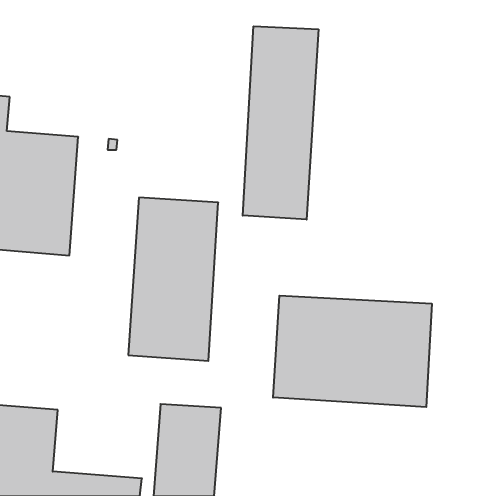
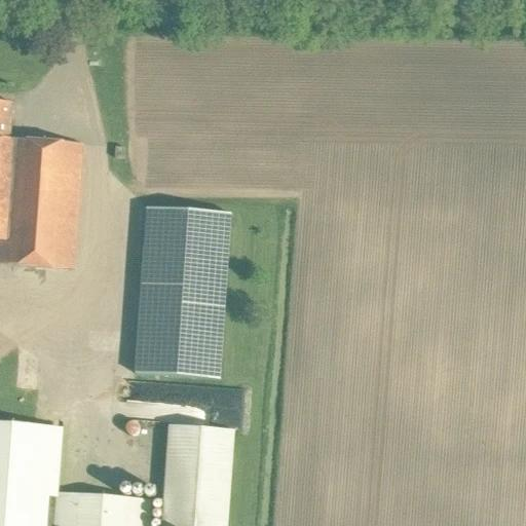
building: [243,26,318,220] -> none
building: [273,296,432,407] -> none

